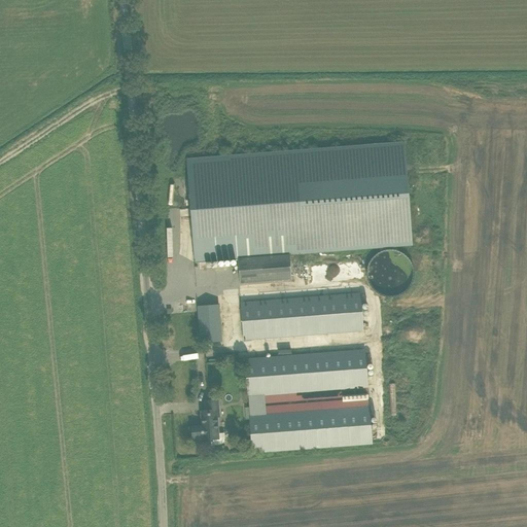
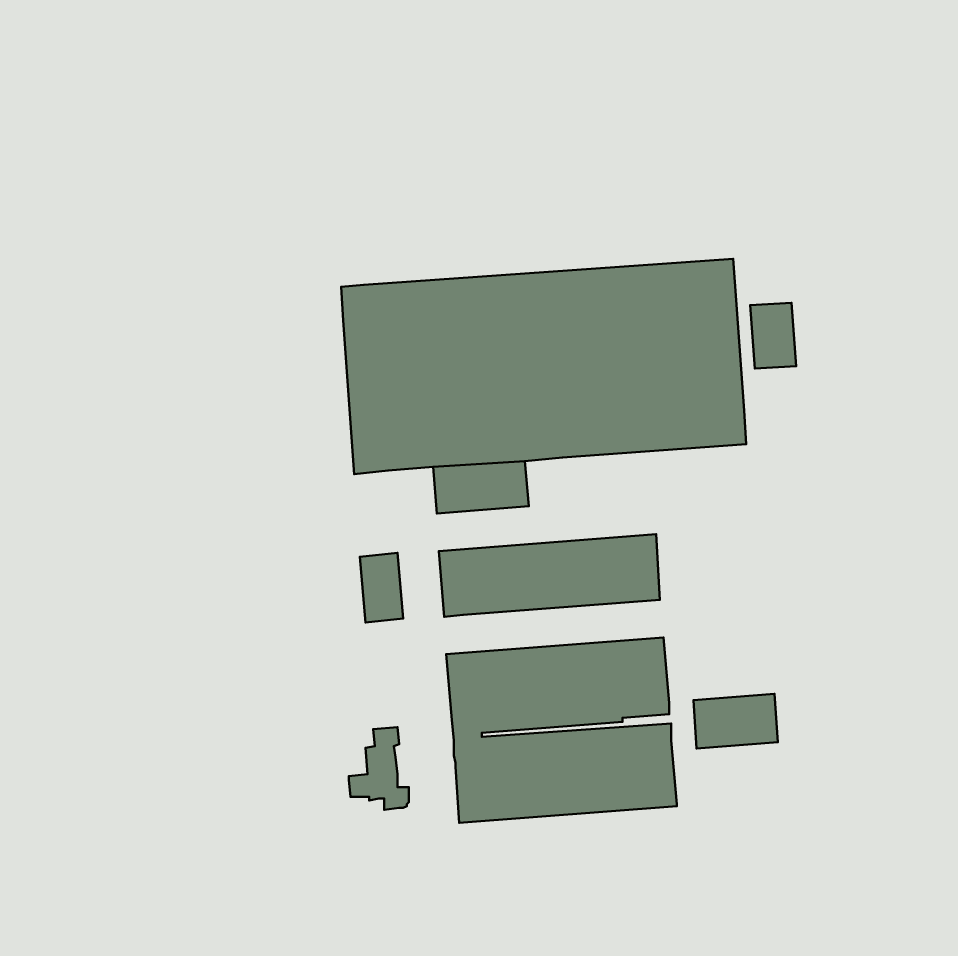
building: none -> [750,303,796,369]
building: none -> [693,694,778,748]

